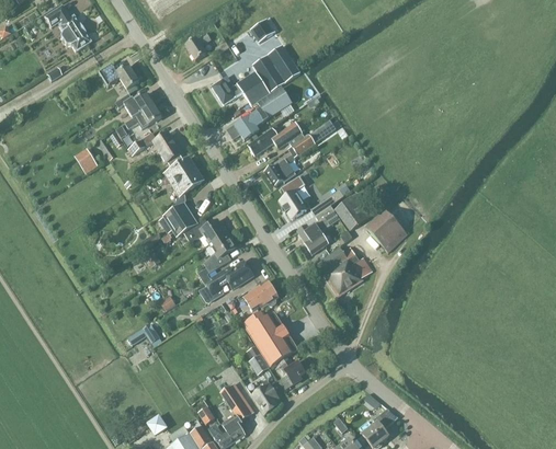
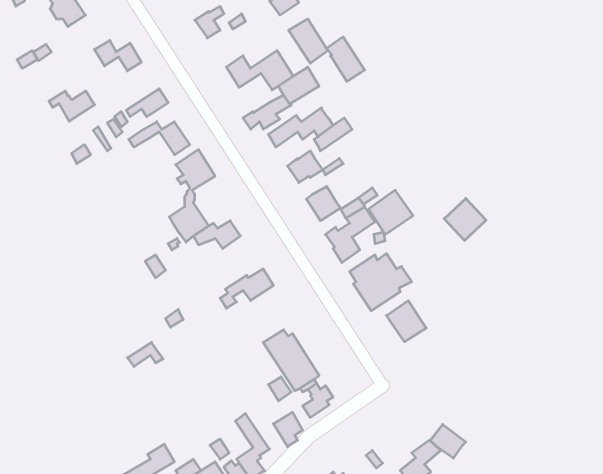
building: [252,54,285,92] -> [327,37,365,81]
building: [115,92,155,118] -> [49,91,95,121]
building: [372,216,408,252] -> [444,198,486,240]
building: [204,231,235,272] -> none
building: [243,280,277,309] -> none
building: none -> [386,301,426,342]
building: none -> [430,424,466,458]

